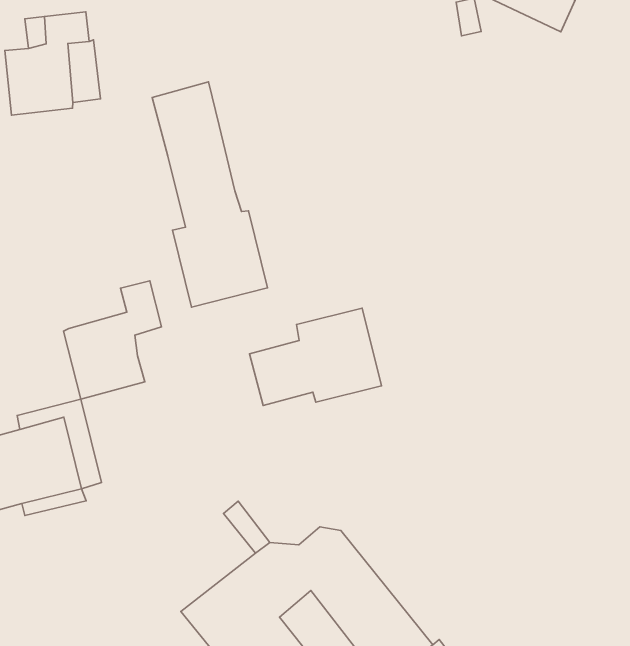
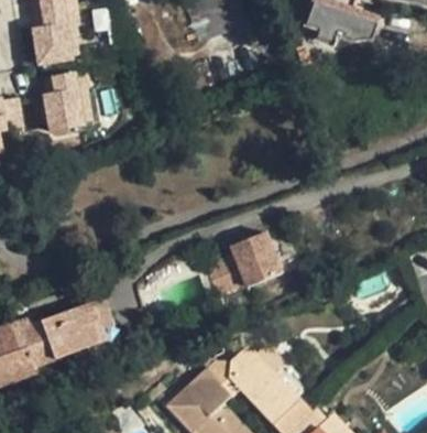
building: [152,82,268,307] -> none
building: [63,281,162,399] -> none

